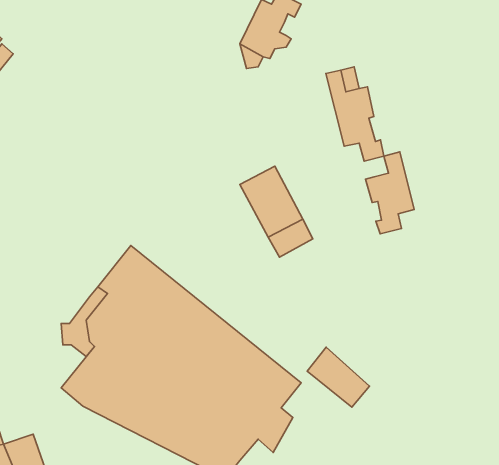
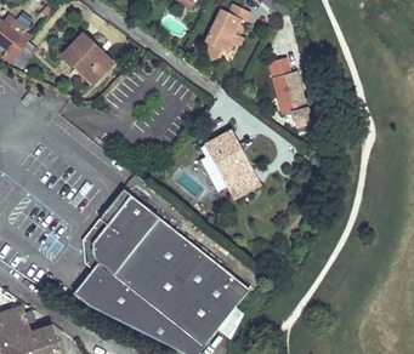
building: none -> [61,32,112,82]
building: [365,152,414,234] -> none
building: [307,347,370,407] -> none

